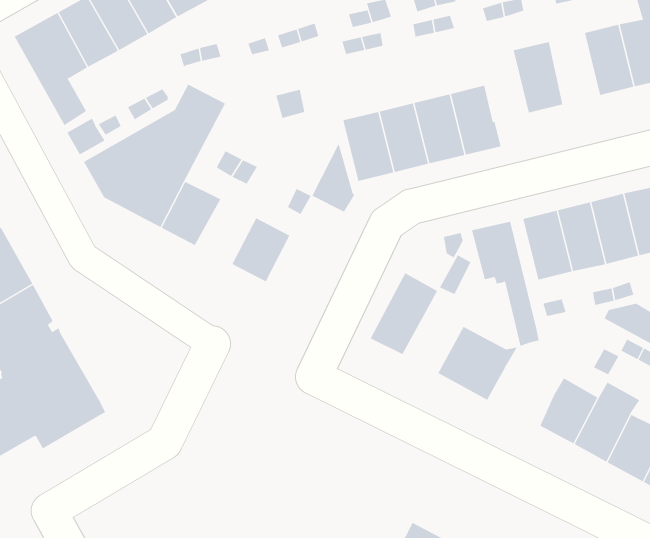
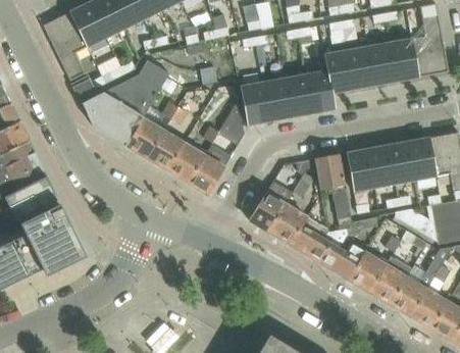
building: none -> [368,42,397,85]
building: none -> [323,50,353,93]
building: none -> [146,131,184,170]
building: none -> [188,146,229,195]
building: none -> [268,204,306,244]
building: none -> [318,229,365,280]

